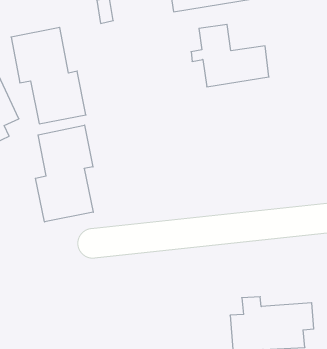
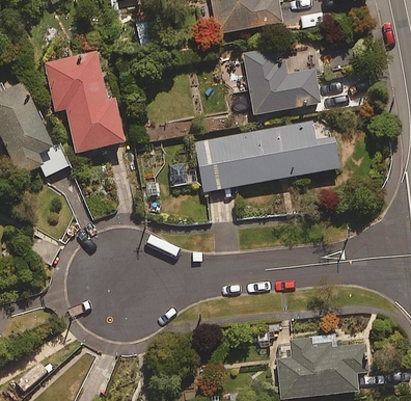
building: none -> [195,122,339,191]
building: [35,125,93,222] -> none

